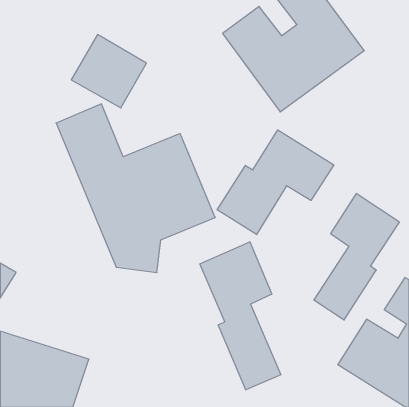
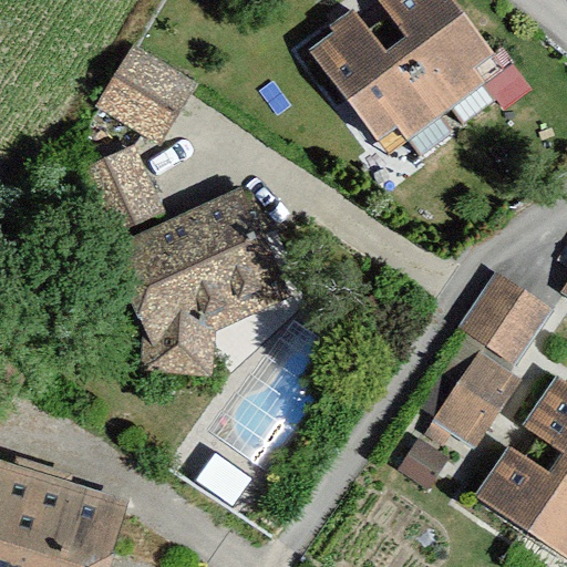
building: [217,130,334,235] -> none
building: [200,242,281,390] -> none

